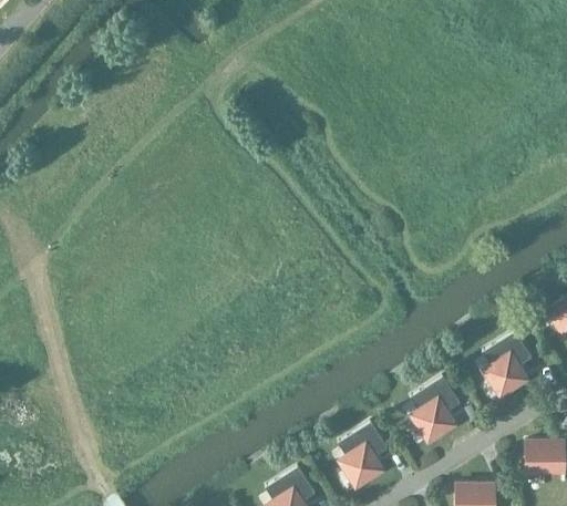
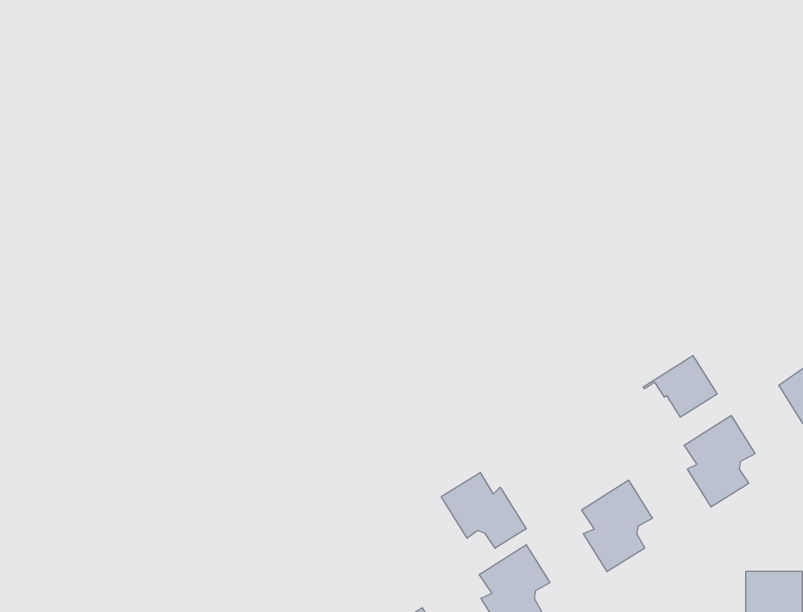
building: none -> [643,356,717,417]
building: none -> [441,473,526,548]

